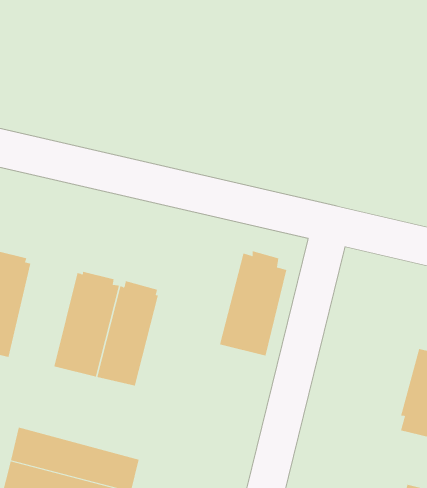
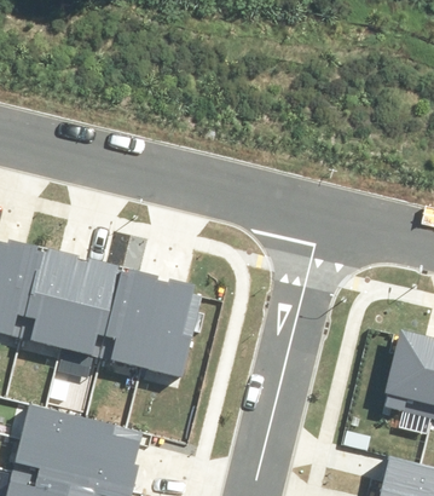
building: [219,250,287,356] -> [138,278,201,376]
building: none -> [21,248,83,347]

